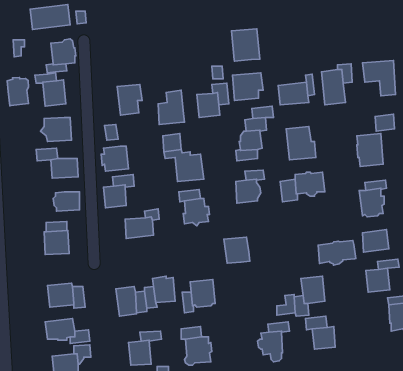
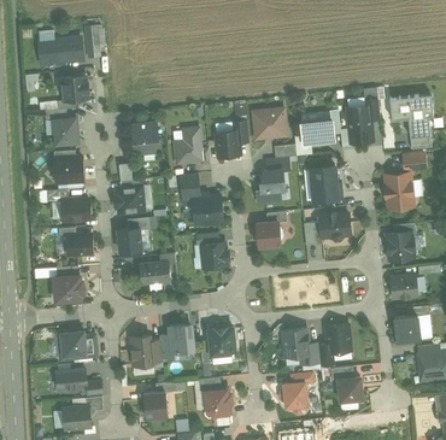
building: [232,29,260,61] -> none
building: [7,77,29,106] -> none
building: [224,237,250,263] -> [281,329,309,357]
building: [318,240,356,265] -> none

